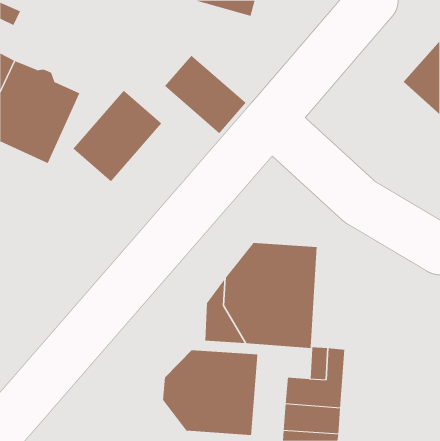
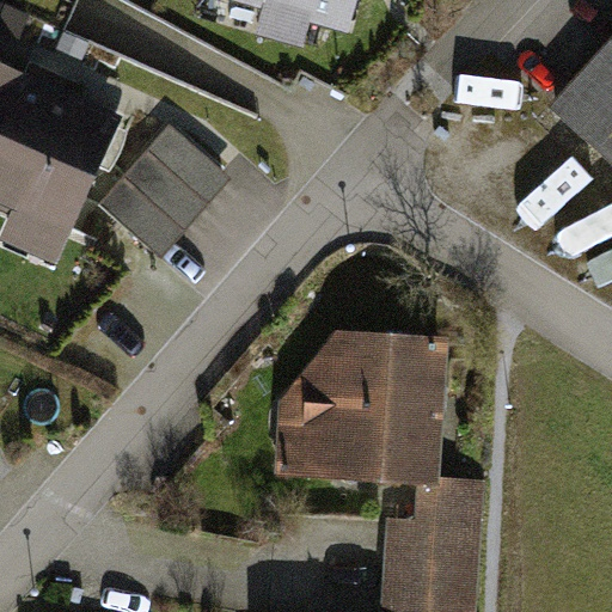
building: [164,55,247,134] -> none
building: [163,350,258,436] -> none

